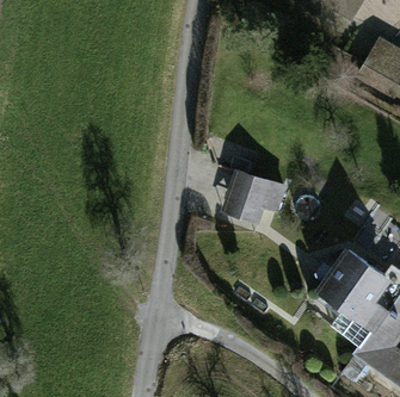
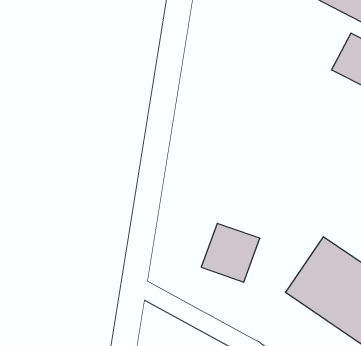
building: [223,165,284,225] -> [201,223,260,282]

